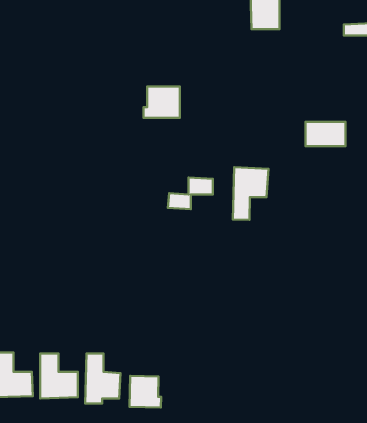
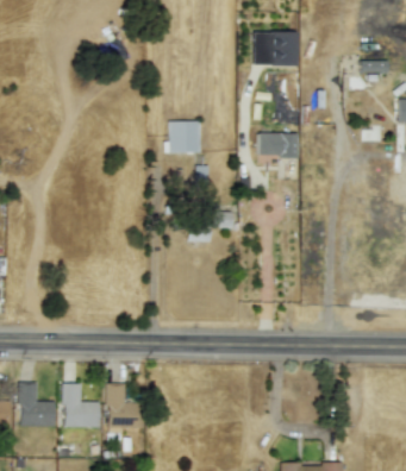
building: [305,122,346,146] -> [258,132,298,156]
building: [233,167,268,220] -> none
building: [129,376,161,408] -> none

